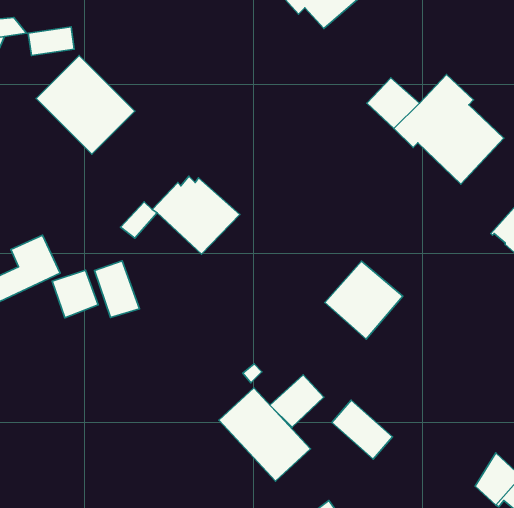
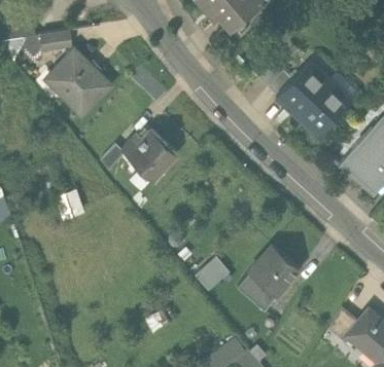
building: [94,261,139,318] -> none
building: [325,261,403,339] -> [249,246,300,296]
building: [219,388,311,481] -> none

